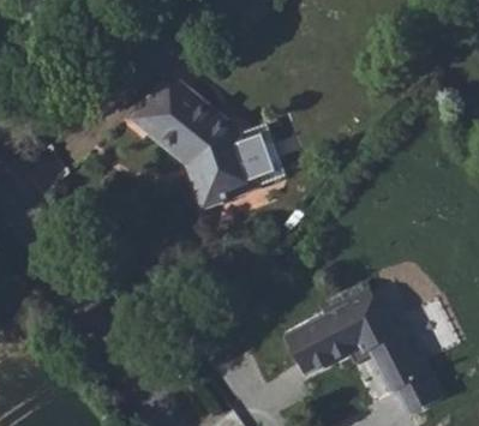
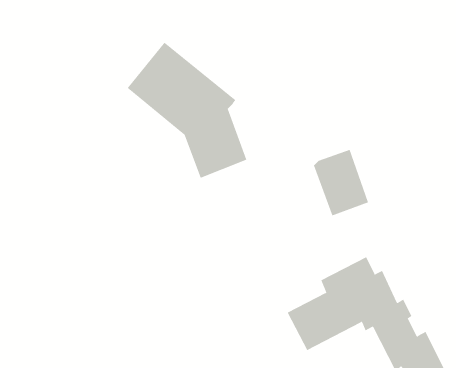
building: [228,122,282,187] -> [313,149,369,216]

